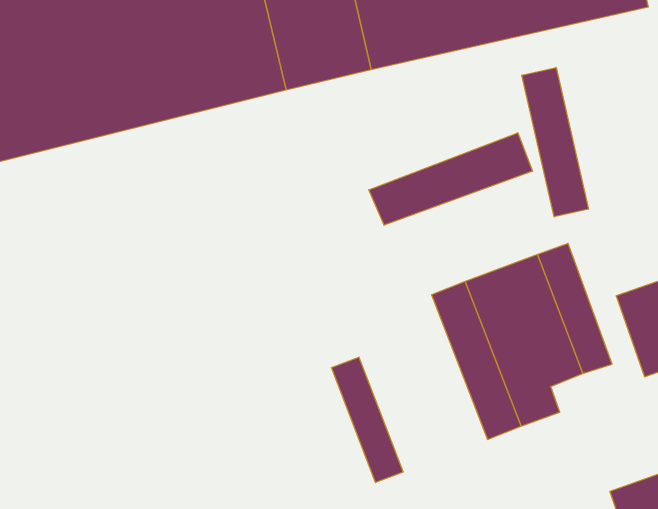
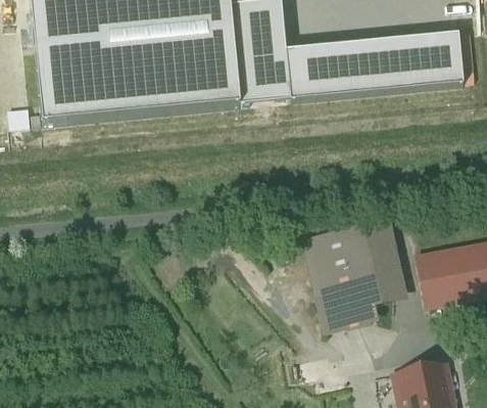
building: [522,67,588,217] -> none
building: [369,133,533,225] -> none
building: [331,357,403,483] -> none

